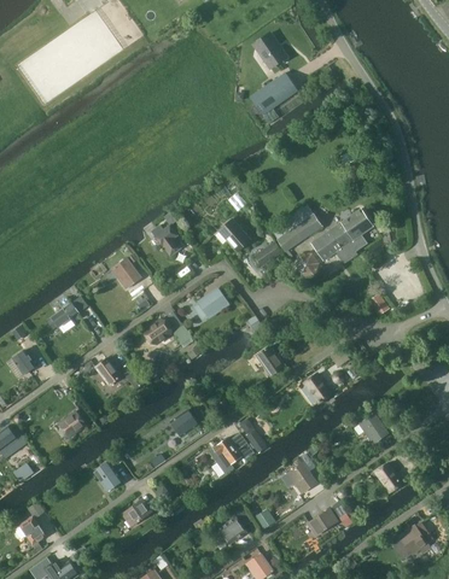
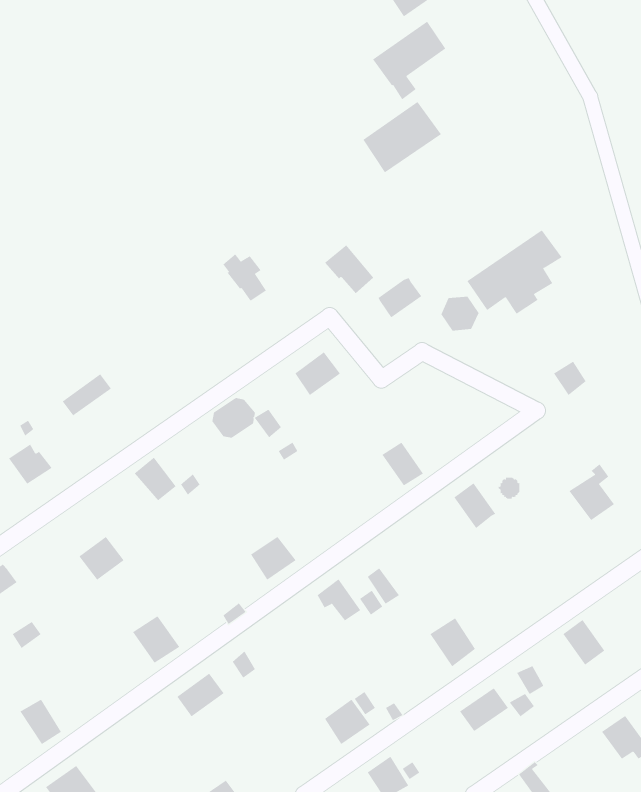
building: [272,204,323,251] -> [362,101,442,173]
building: [111,256,142,288] -> none
building: [358,405,389,443] -> [569,463,615,521]

